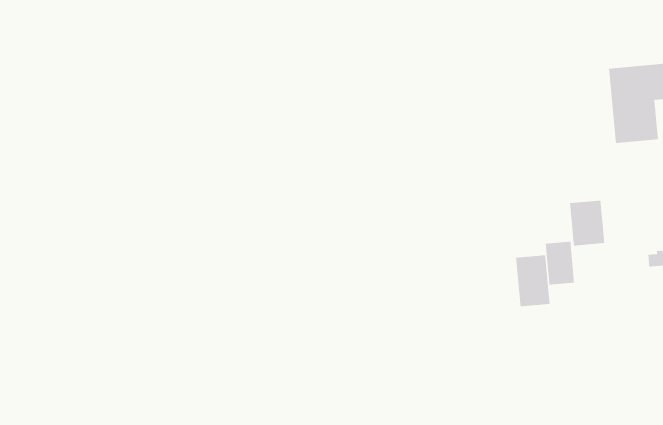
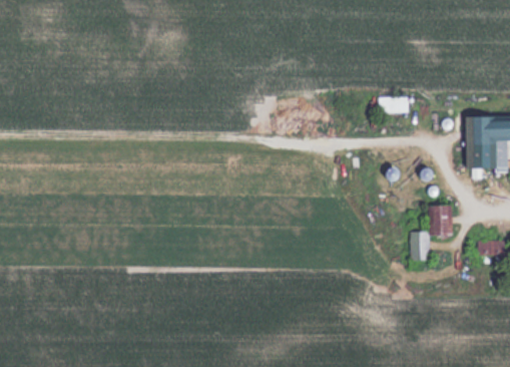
building: none -> [380,98,407,112]
building: [515,254,550,307] -> none

